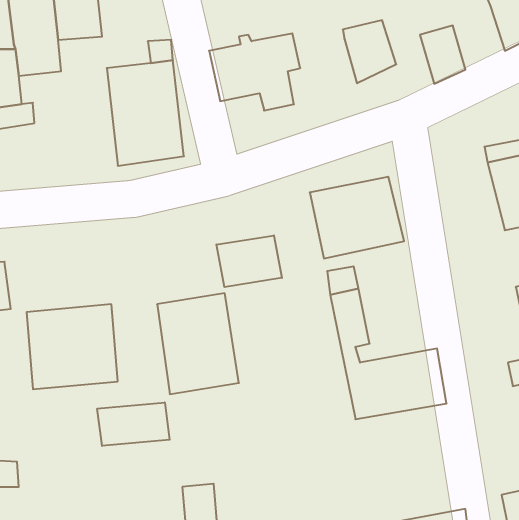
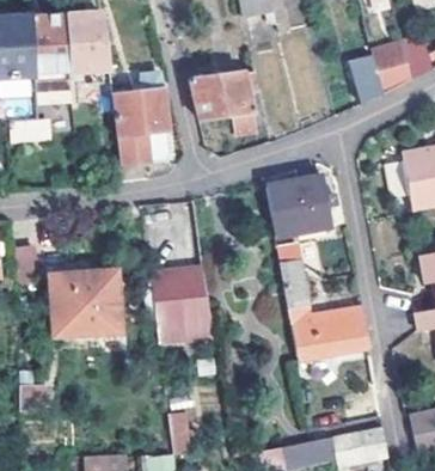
building: [343,20,396,83] -> [373,45,413,93]
building: [216,235,282,287] -> none
building: [97,402,170,446] -> none

